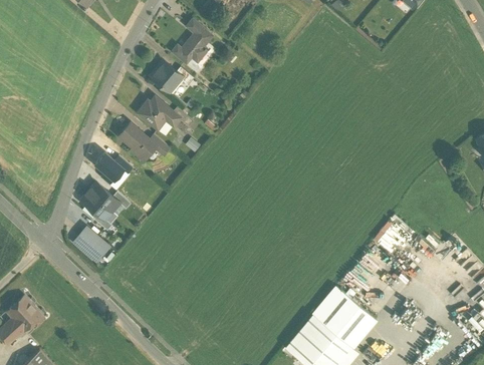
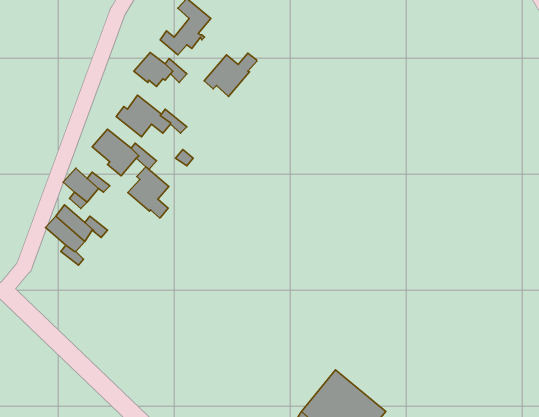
building: none -> [204,53,257,97]
building: none -> [128,167,169,218]
building: [73,229,108,263] -> none
building: [312,287,376,348] -> none

